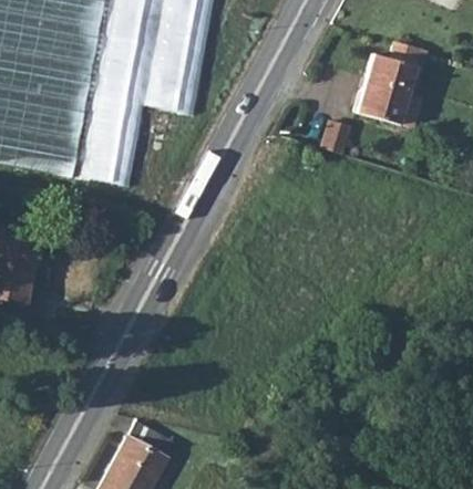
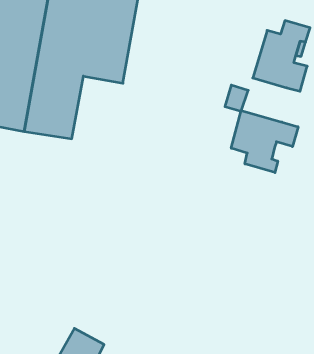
building: none -> [231,111,298,173]

